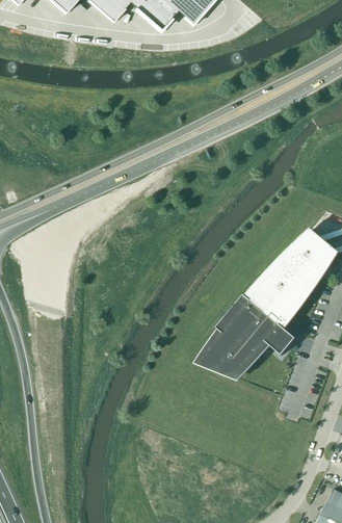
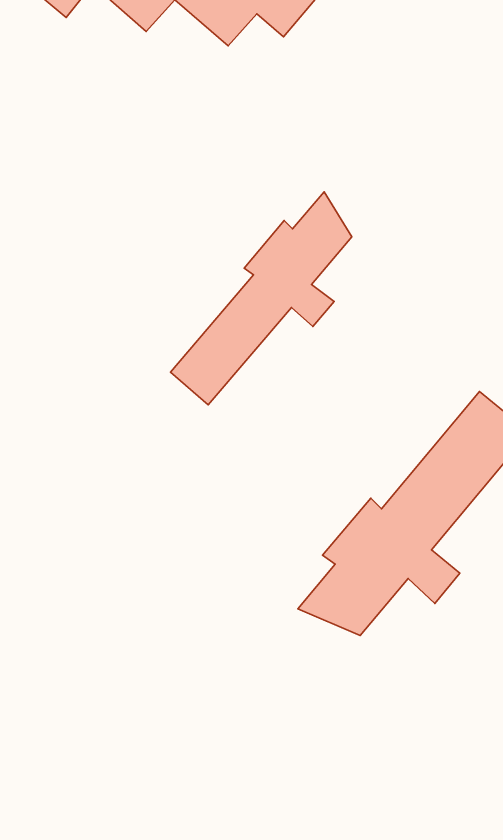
building: none -> [171,192,352,405]

